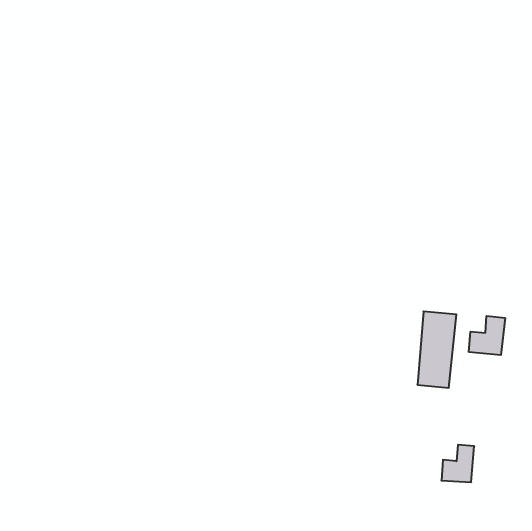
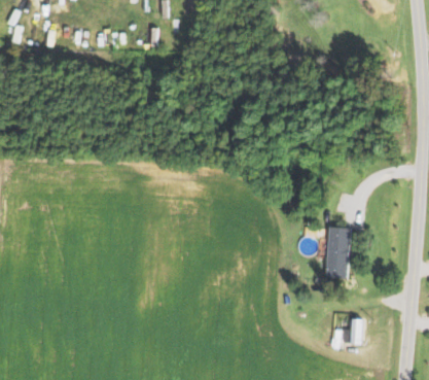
building: [469,316,505,355] -> none

